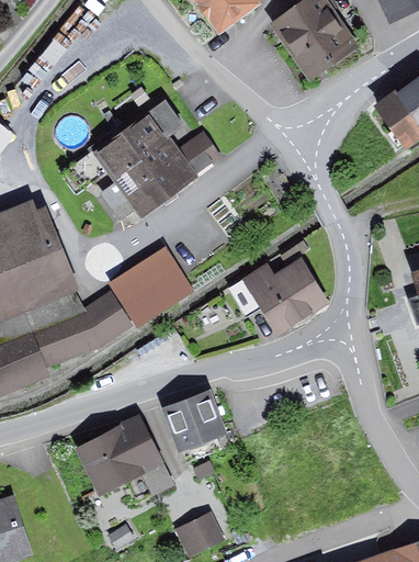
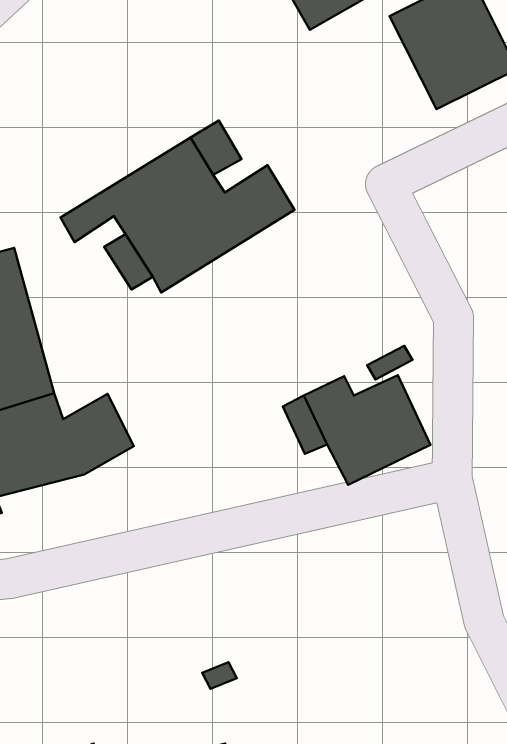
building: [110,246,193,323] -> none
building: [162,391,226,460] -> none
building: [78,411,175,495] -> none

